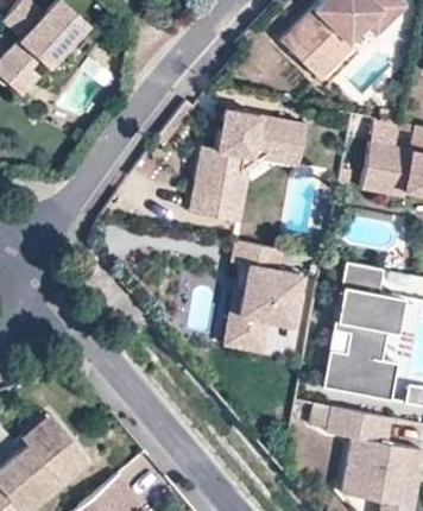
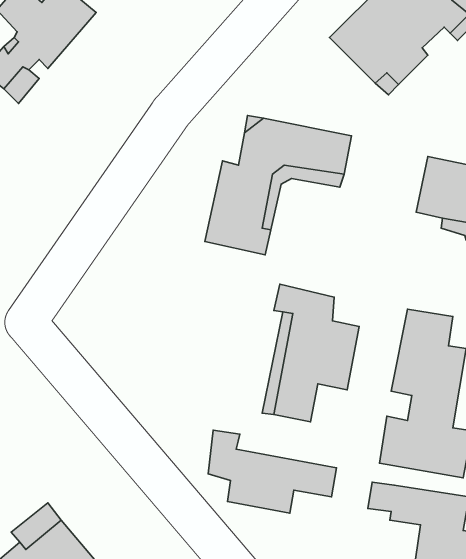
building: none -> [208,430,336,513]

